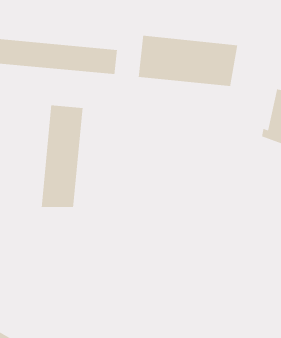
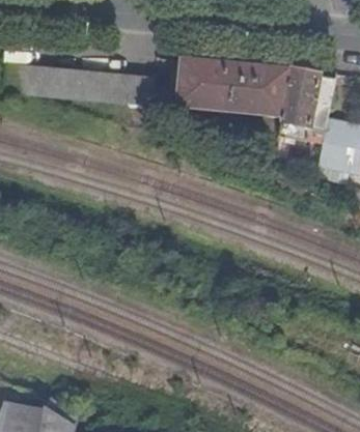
building: none -> [282,71,335,132]
building: [41,104,84,208] -> none

